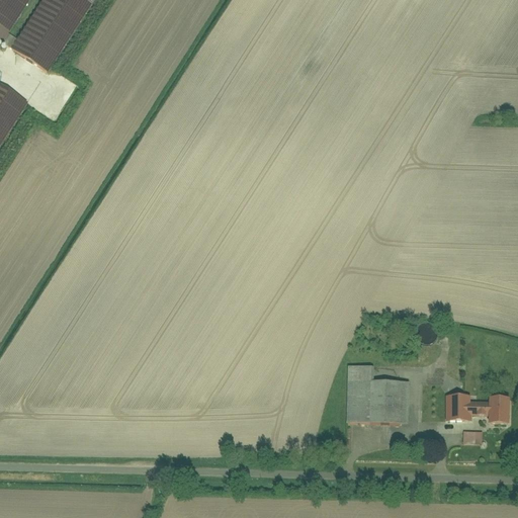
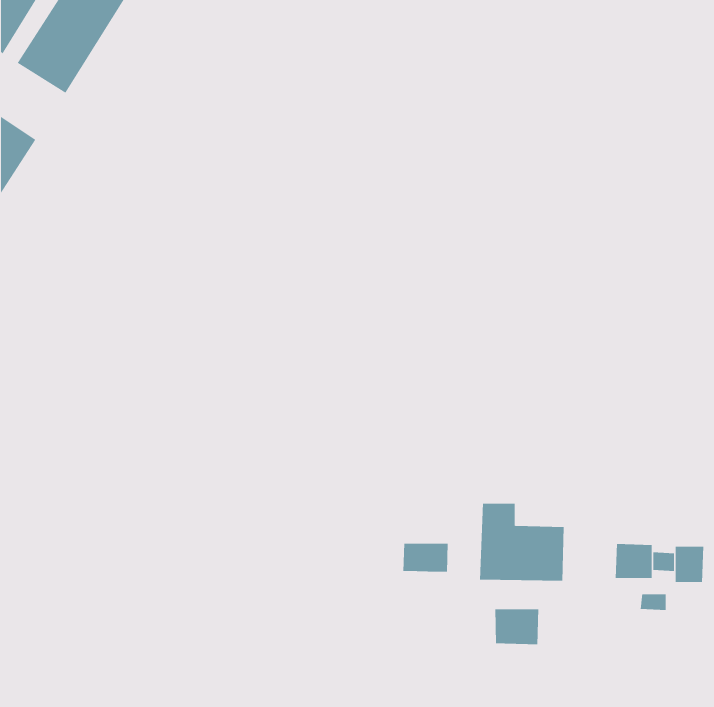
building: none -> [403,543,448,573]
building: none -> [495,608,539,645]

